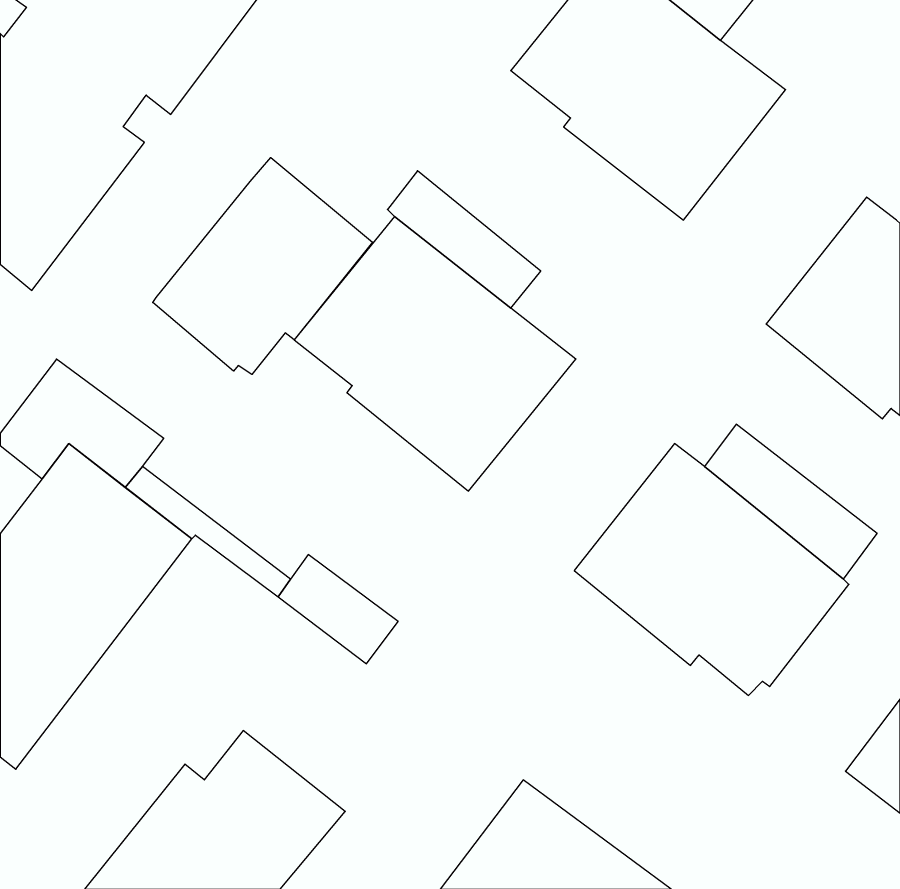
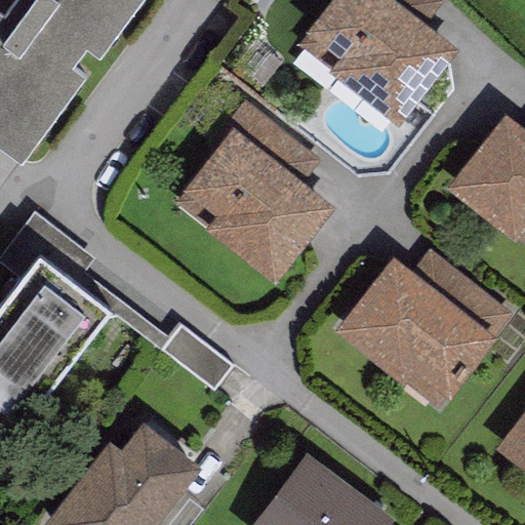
building: [153,158,373,374] -> none

